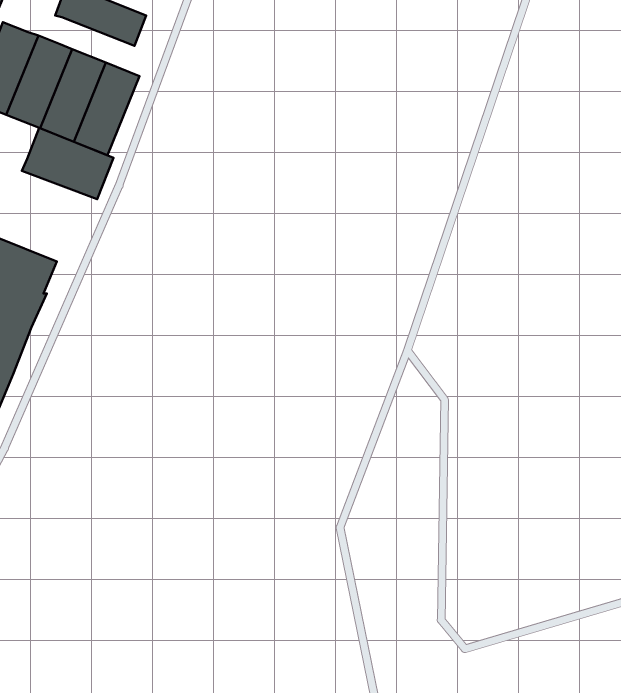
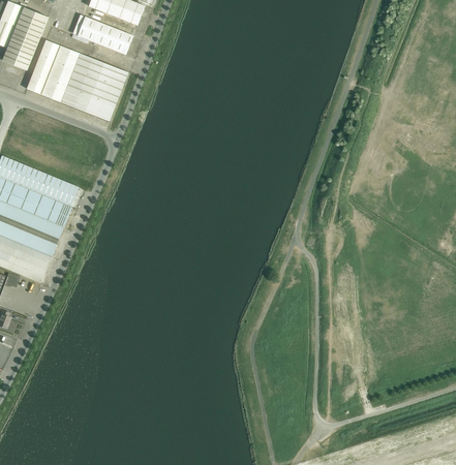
building: [22,128,113,199] -> none

